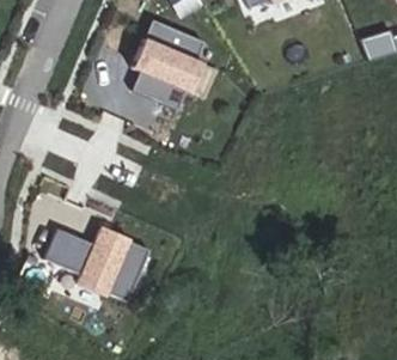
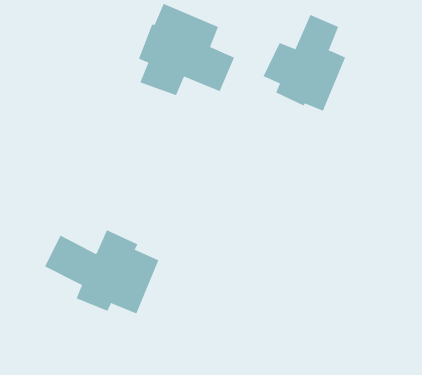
building: none -> [263,14,346,112]

